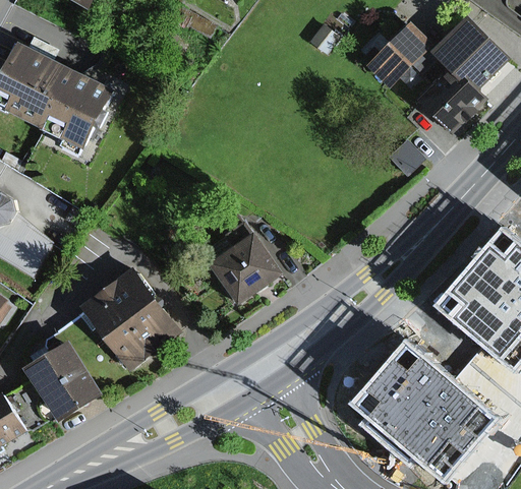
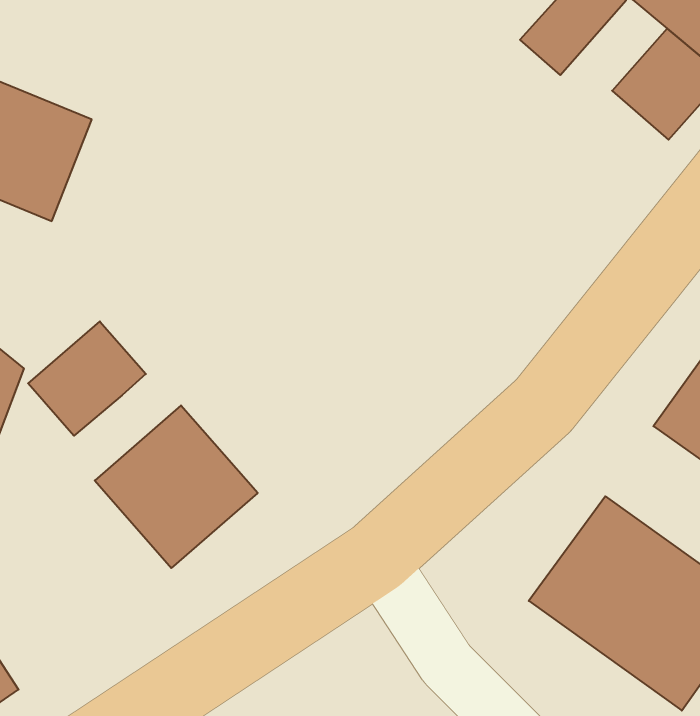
building: none -> [28,321,146,436]
building: [222,230,287,292] -> none
building: [32,338,109,419] -> none

